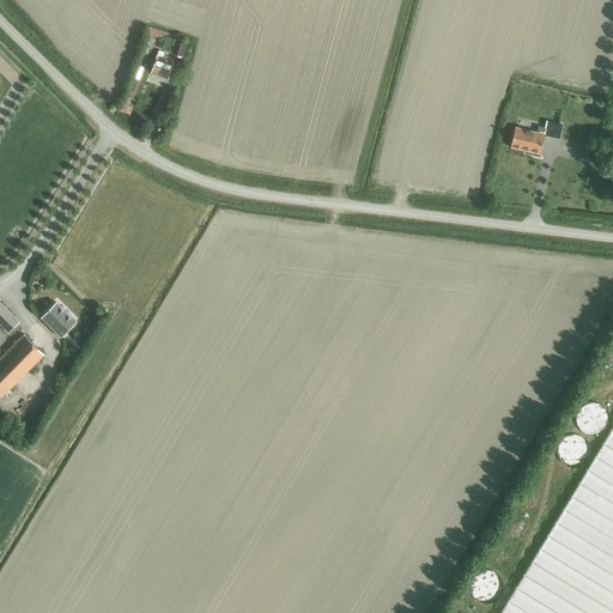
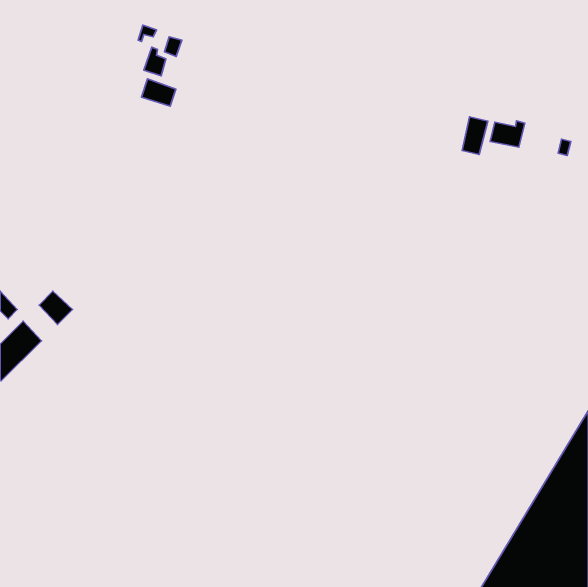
building: none -> [141,79,176,106]
building: none -> [462,117,488,154]

